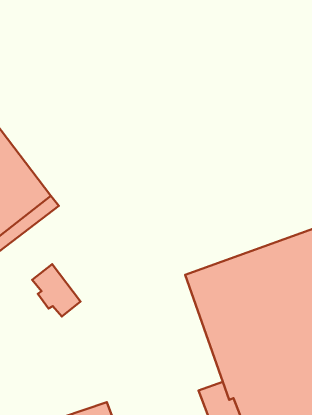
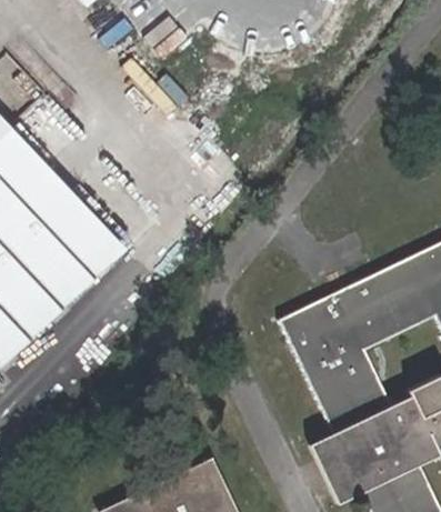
building: [32,264,80,316] -> none

